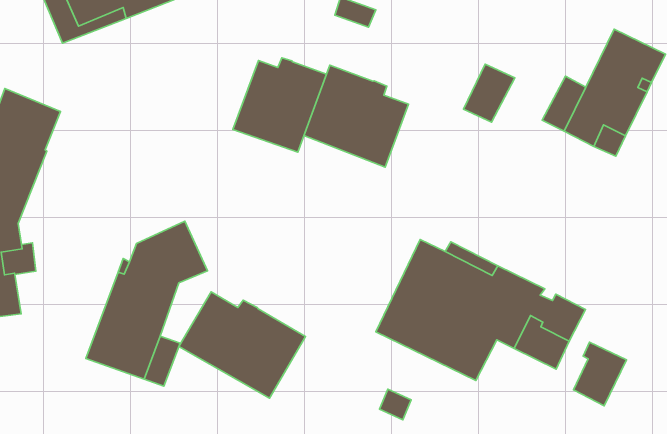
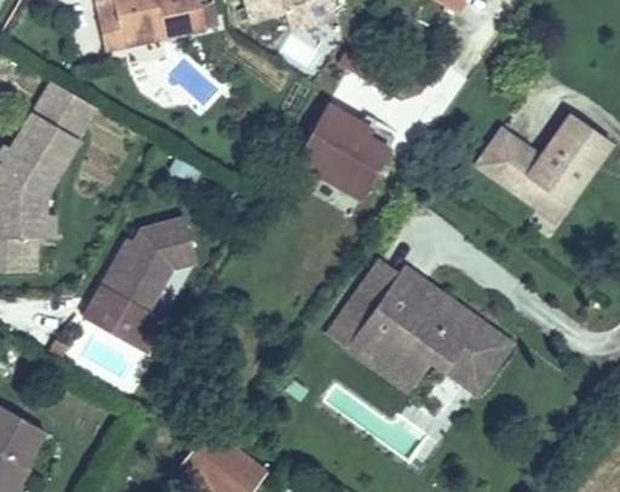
building: [233,58,326,152] -> none
building: [464,64,515,122] -> [476,128,523,178]
building: [179,292,305,398] -> none
building: [573,342,627,406] -> none

